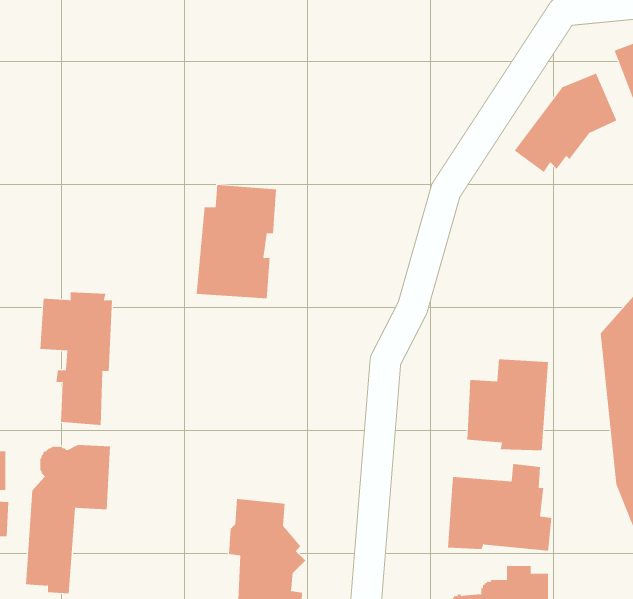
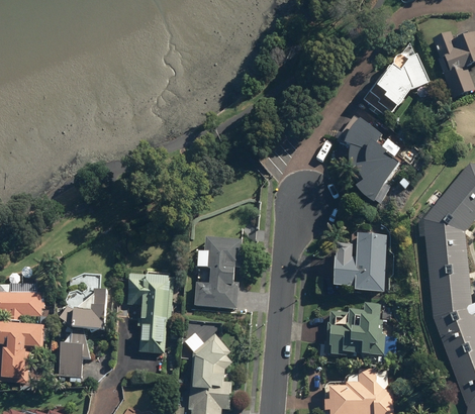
building: none -> [347,114,400,203]
building: [196,184,277,299] -> [192,236,244,309]
building: [40,292,113,425] -> [126,270,173,354]

